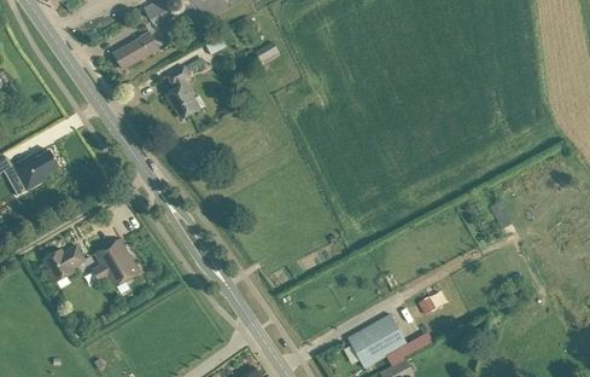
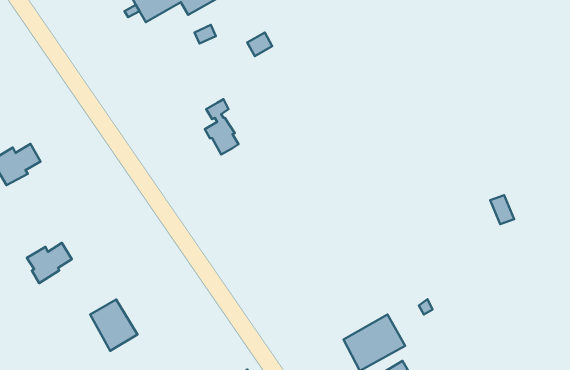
building: [113,31,158,69] -> none
building: [165,65,198,118] -> [205,99,239,154]
building: [94,238,140,288] -> [90,299,138,351]

